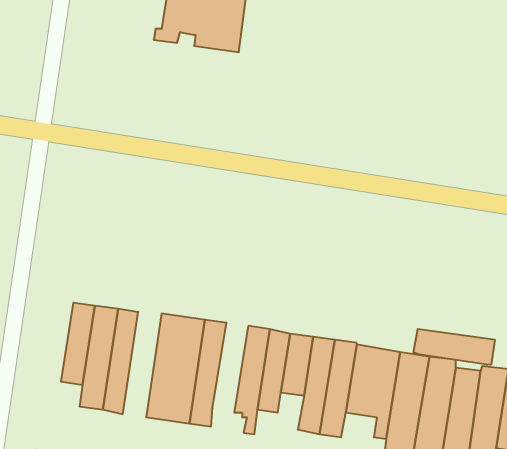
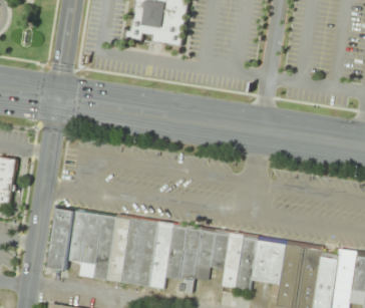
building: none -> [44,206,74,271]
building: none -> [106,214,131,283]
building: none -> [164,222,188,280]
building: [414,329,495,365] -> none

